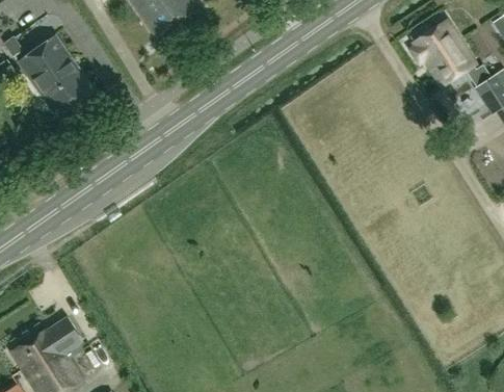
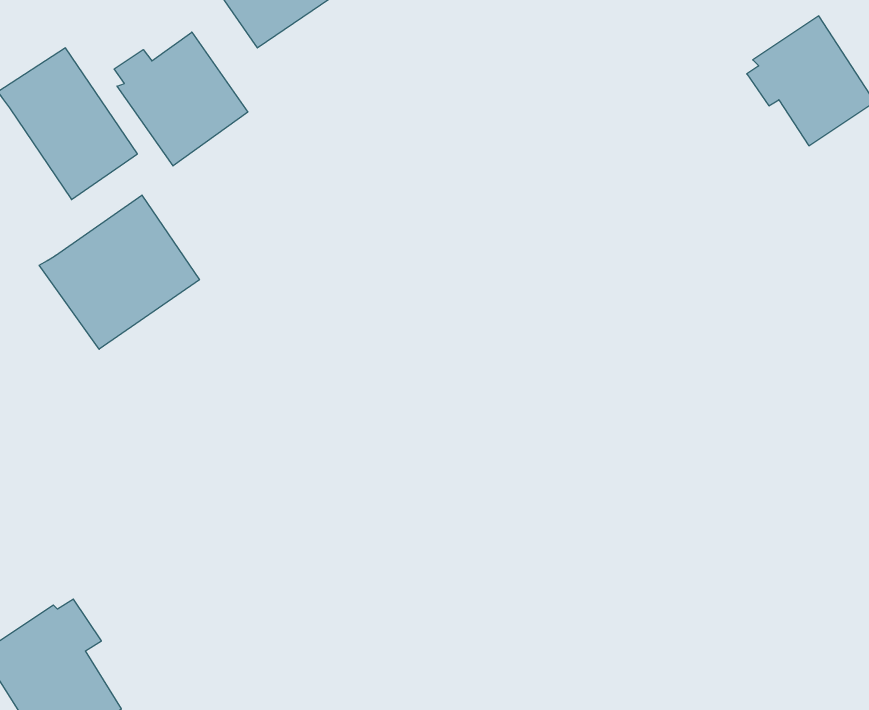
building: none -> [114,32,248,166]
building: none -> [39,195,199,349]

